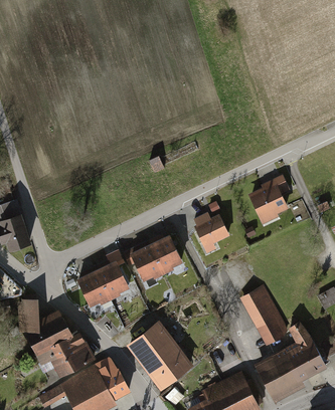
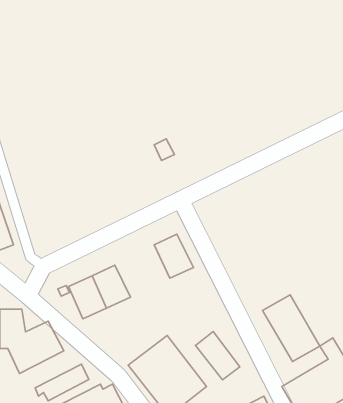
building: [247,175,292,224] -> none
building: [196,214,230,248] -> none
building: [130,245,162,282] -> none
building: none -> [195,331,240,380]
building: [35,332,88,366] -> none

